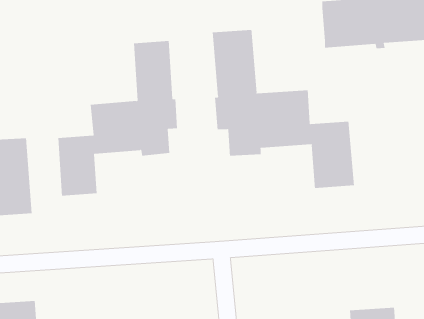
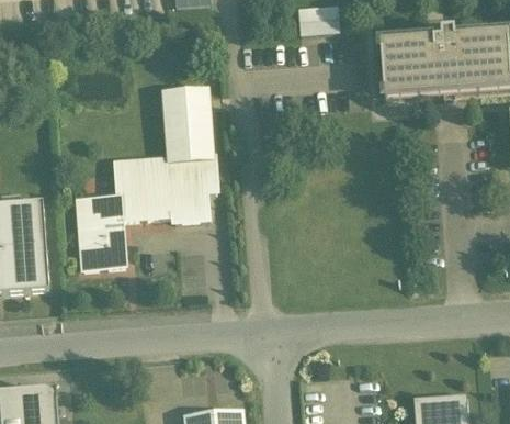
building: [212,29,354,189] -> none

